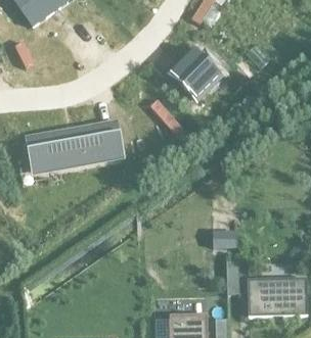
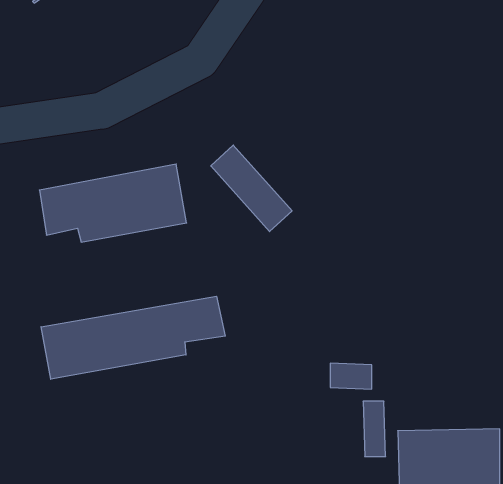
building: [170,49,219,98] -> none
building: none -> [41,296,225,379]

